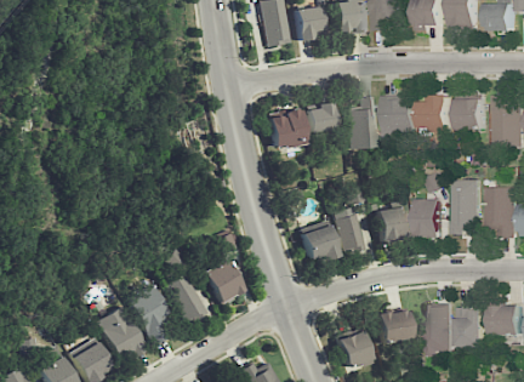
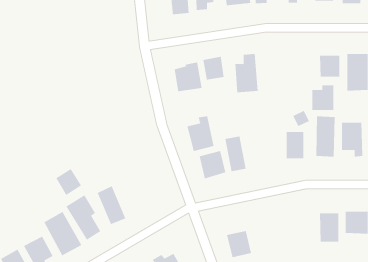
building: [418,95,449,129] -> [311,85,334,110]
building: [382,96,414,132] -> none
building: none -> [187,115,214,152]
building: [372,206,404,241] -> none
building: none -> [56,168,82,196]
building: [197,257,240,306] -> none
building: [423,304,450,357] -> none
building: [372,308,409,344] -> none

